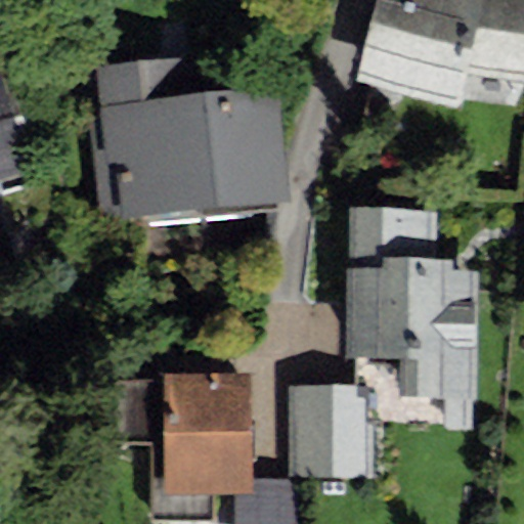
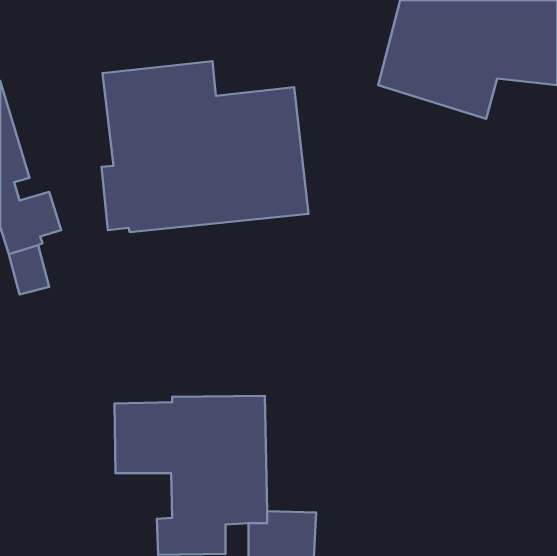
building: [347,208,478,399] -> none
building: [288,386,366,477] -> none

